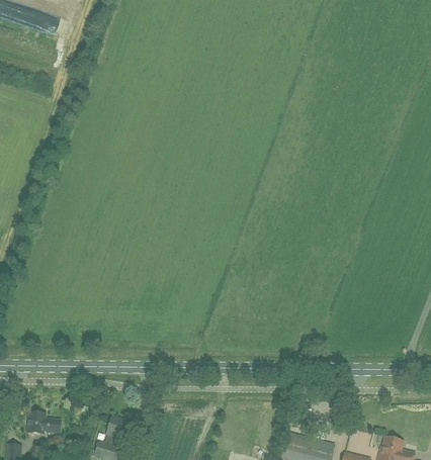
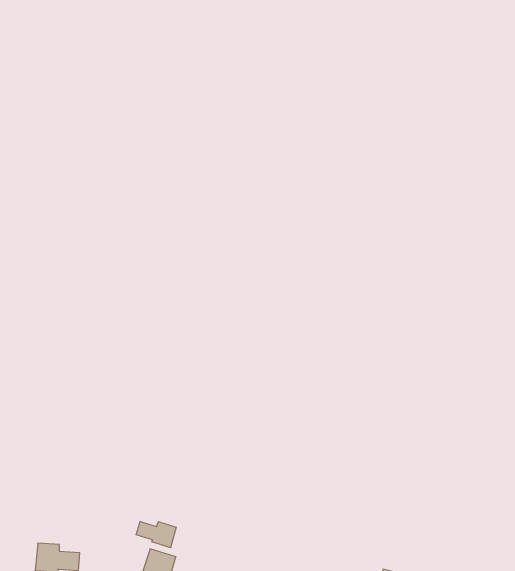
building: none -> [136,521,176,548]

